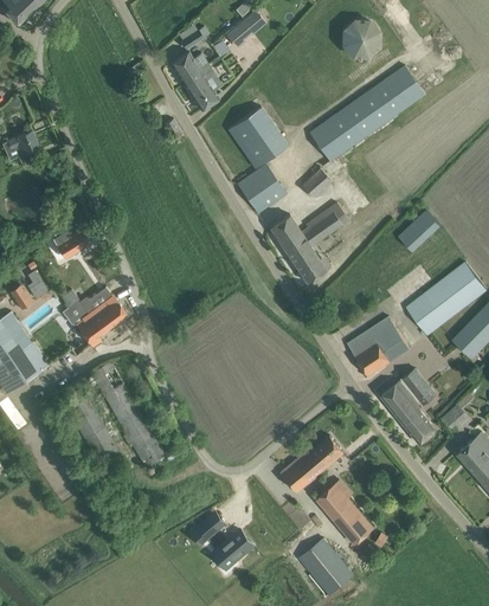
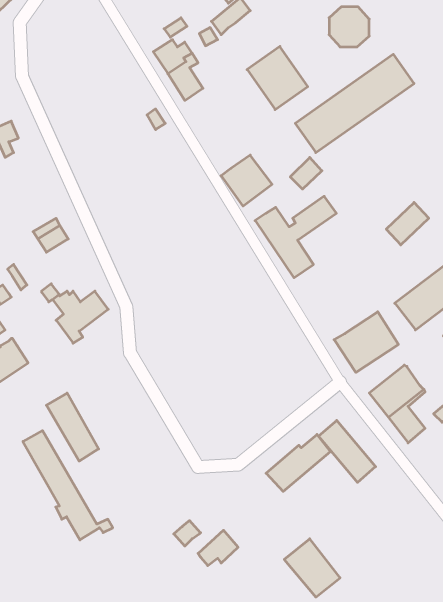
building: [227,108,287,169] -> [247,46,308,110]
building: [90,362,178,469] -> [23,431,113,540]
building: [316,484,372,544] -> [319,420,376,482]

